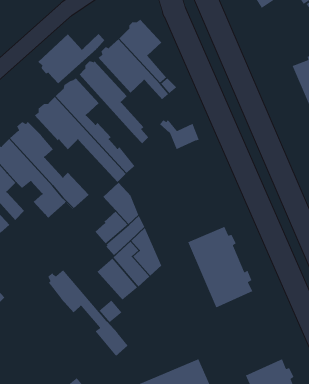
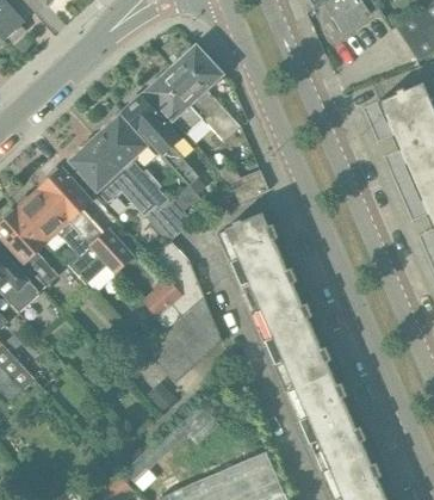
building: [37,33,105,84] -> none
building: none -> [216,212,297,313]
building: [48,269,128,357] -> none
building: none -> [286,372,366,473]

